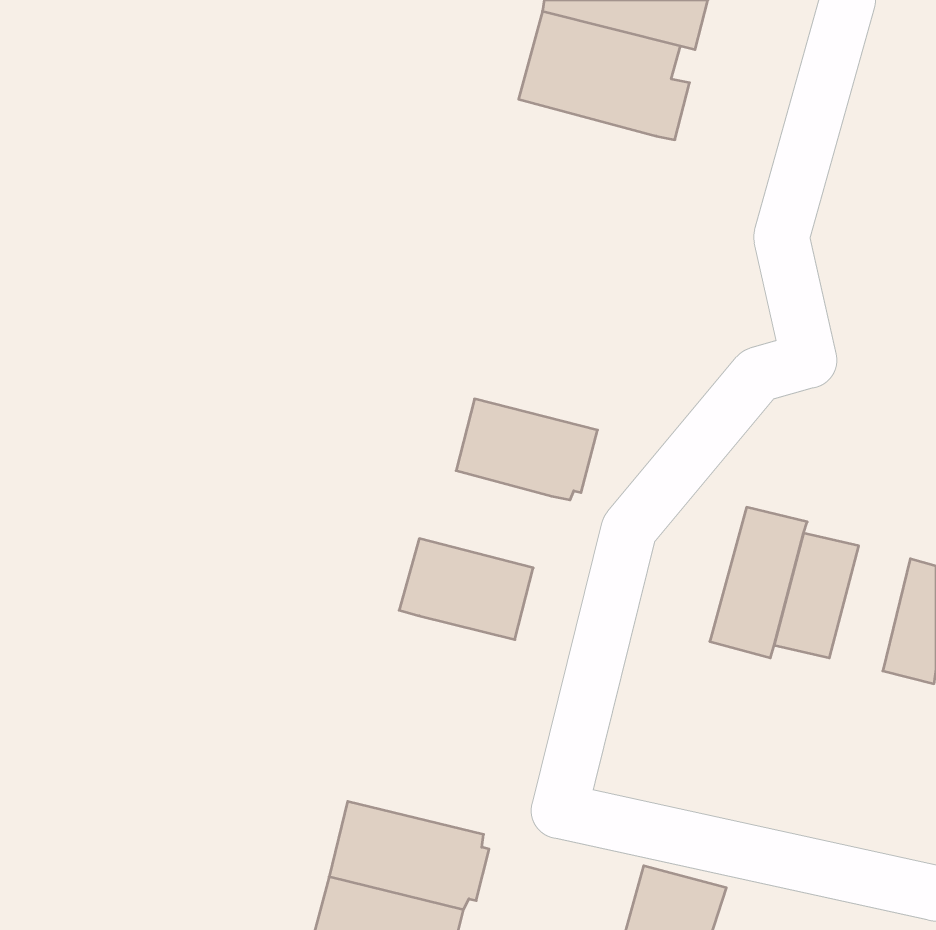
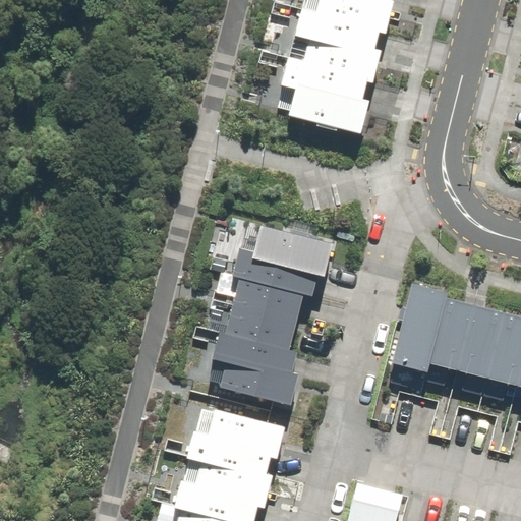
building: none -> [274,60,367,132]
building: none -> [232,264,305,320]
building: none -> [459,307,504,377]
building: none -> [222,346,299,404]
building: none -> [192,407,283,467]

